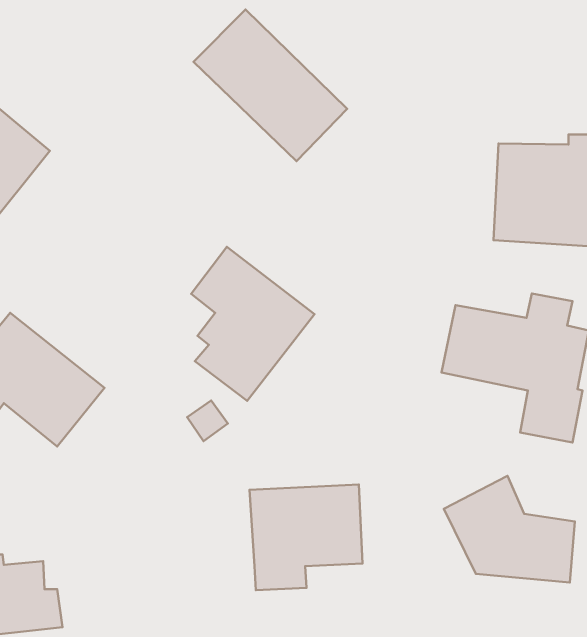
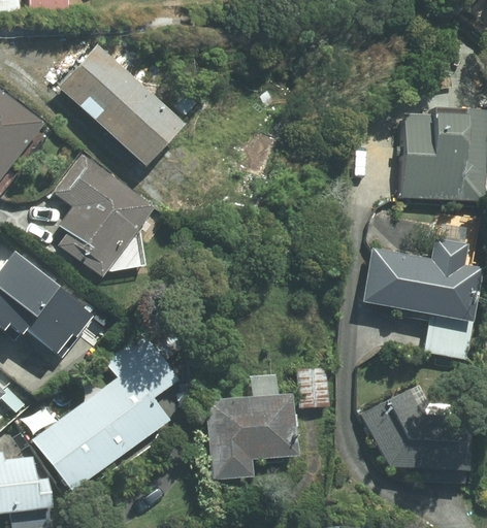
building: [193,10,347,161] -> [57,44,182,167]
building: [191,247,315,401] -> [55,153,155,277]
building: none -> [33,331,182,489]

